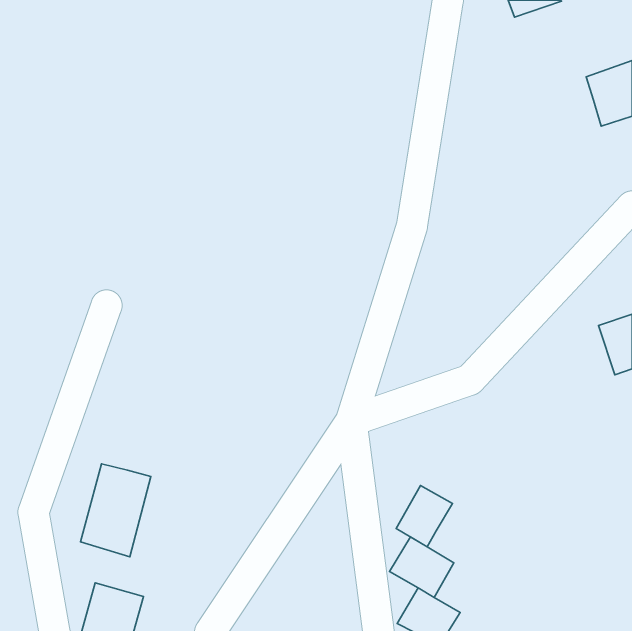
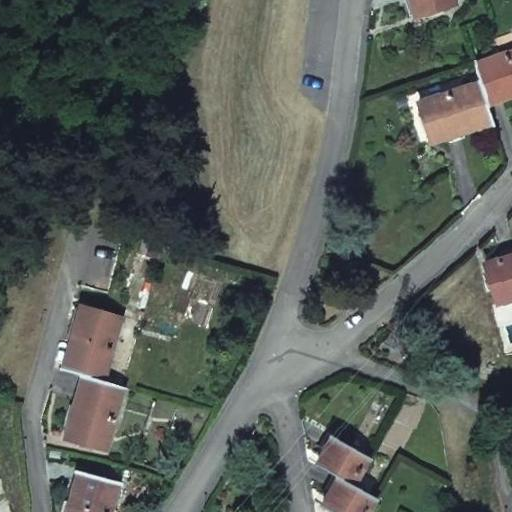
building: none -> [418,82,493,143]
building: none -> [62,308,120,381]
building: [396,486,453,547] -> none

